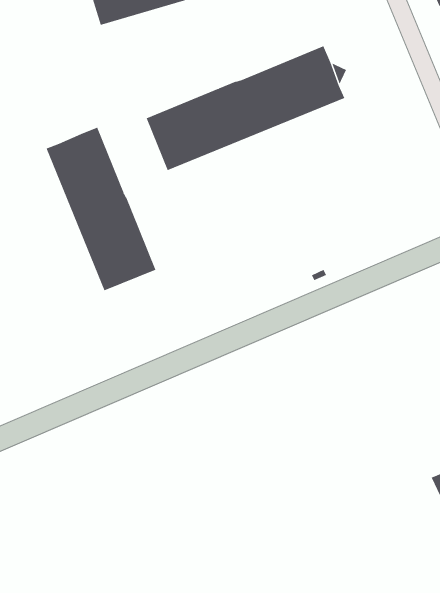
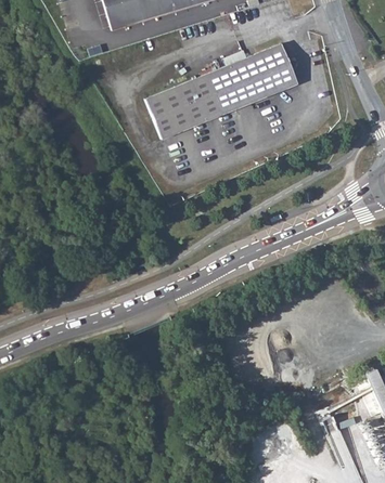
building: [46,127,156,291] -> none

